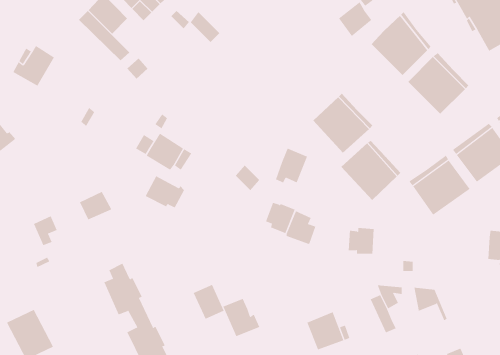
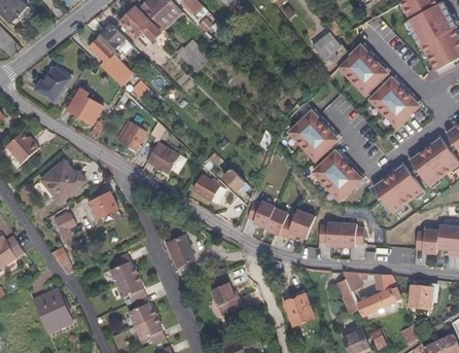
building: none -> [68,92,103,125]
building: none -> [117,121,147,150]
building: [275,148,308,183] -> [286,209,314,239]
building: none -> [39,161,83,202]
building: [145,176,185,208] -> [191,176,225,204]
building: none -> [340,223,362,246]
building: none -> [414,230,437,253]
building: [193,284,225,319] -> [170,237,197,267]
building: none -> [409,286,434,309]
building: none -> [356,287,399,316]

